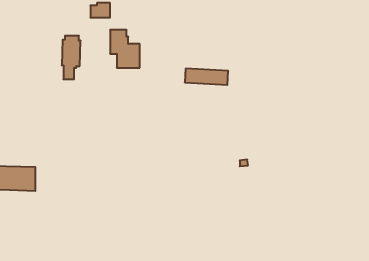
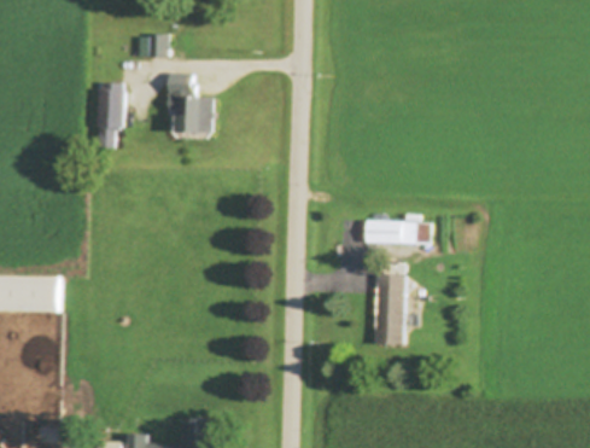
building: [185,69,228,85] -> [364,221,428,245]
building: none -> [374,277,404,345]

